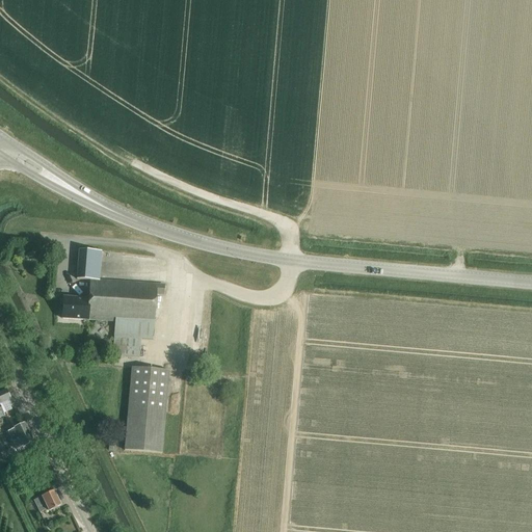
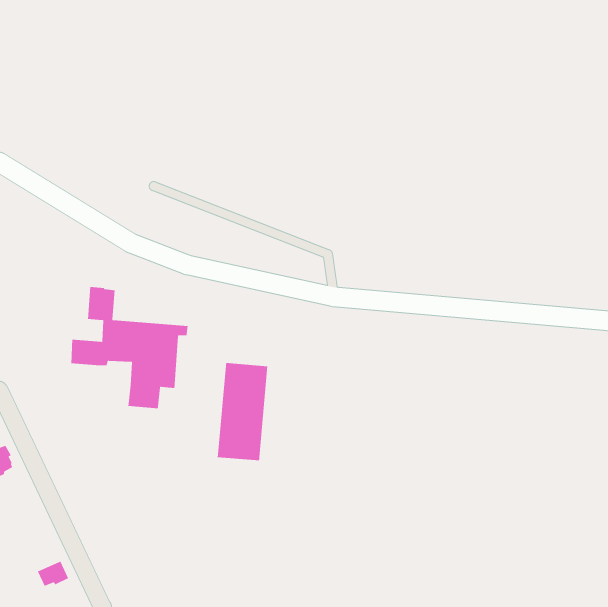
building: [124,366,168,452] -> [217,362,268,461]
building: [6,422,33,449] -> none

